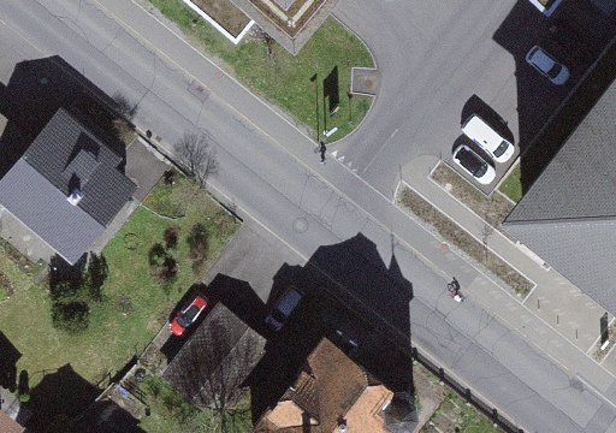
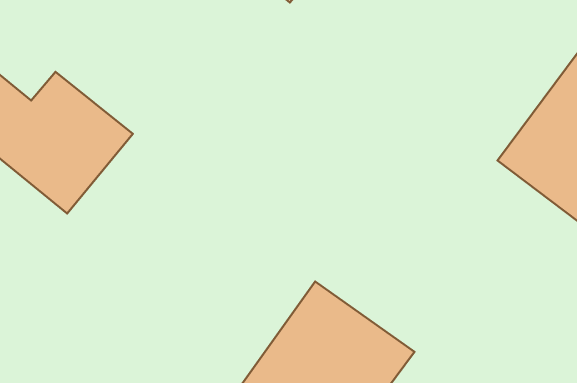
building: [161,304,278,422] -> none

